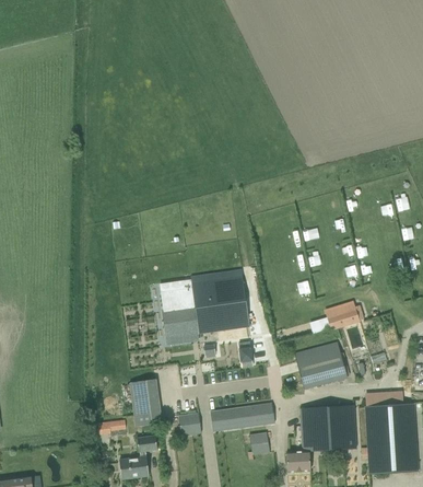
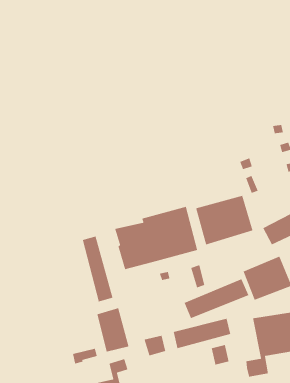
building: none -> [195,195,254,245]
building: none -> [82,235,114,303]
building: none -> [183,278,249,319]

